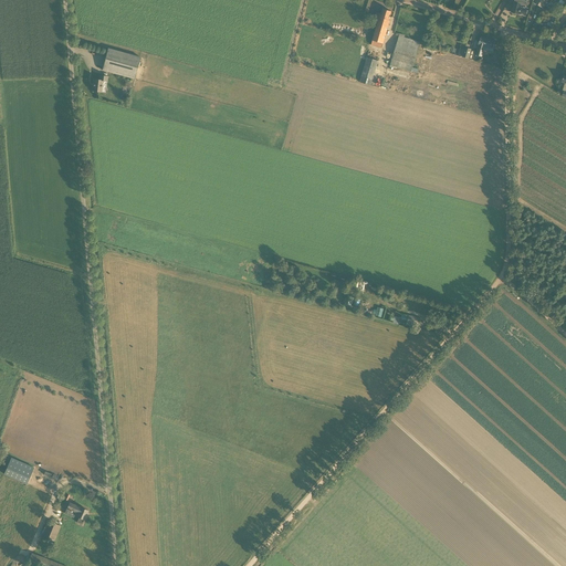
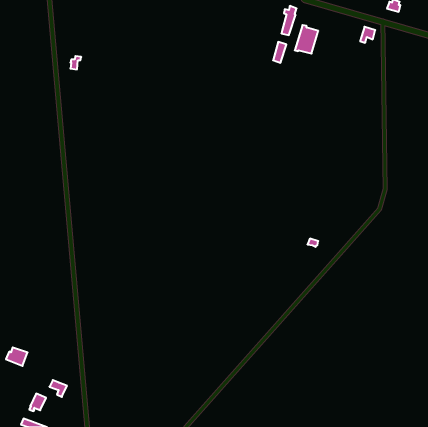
building: [102,48,140,78] -> none

